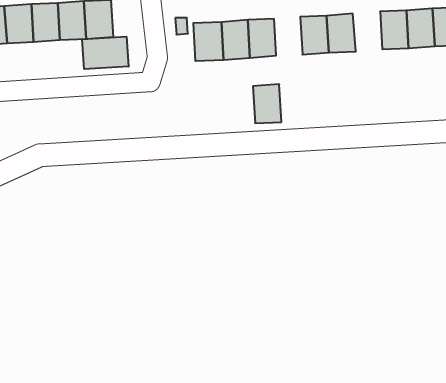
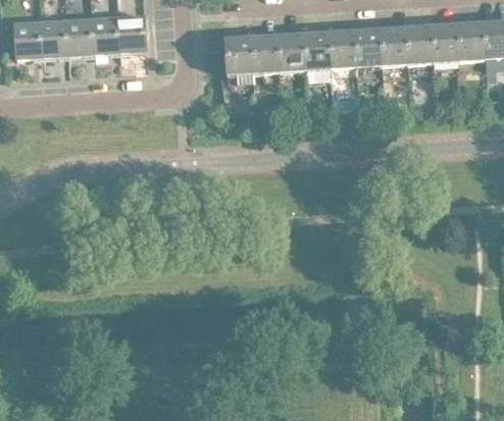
building: none -> [380,25,408,64]
building: [82,37,129,69] -> none
building: [253,84,281,123] -> [303,31,331,68]

